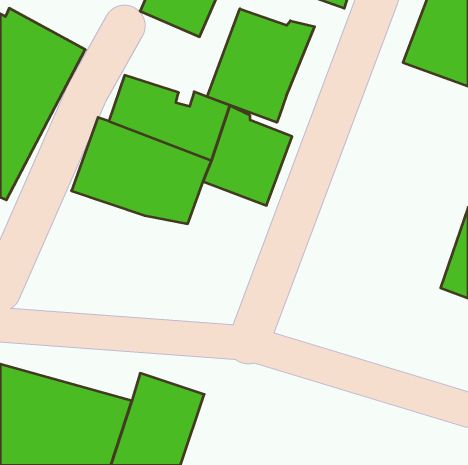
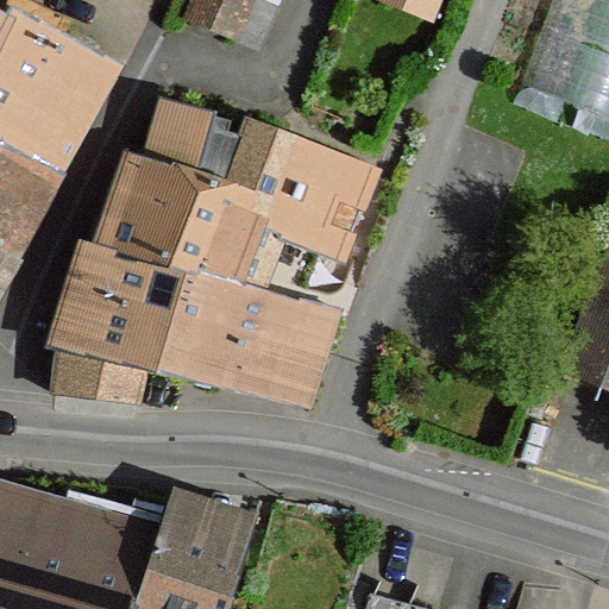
building: [207,9,315,122] -> none
building: none -> [45,244,333,403]

